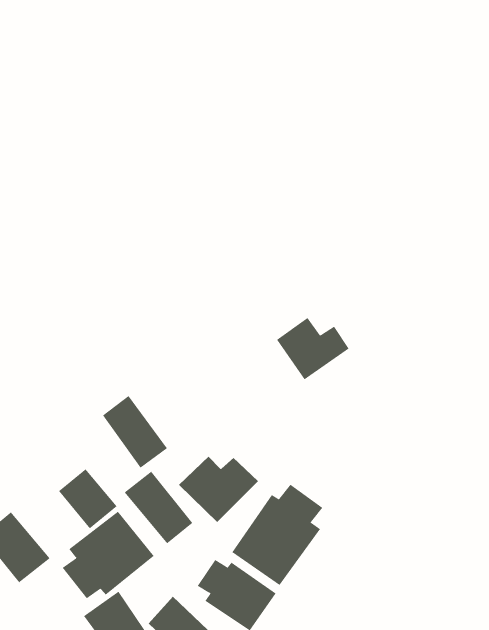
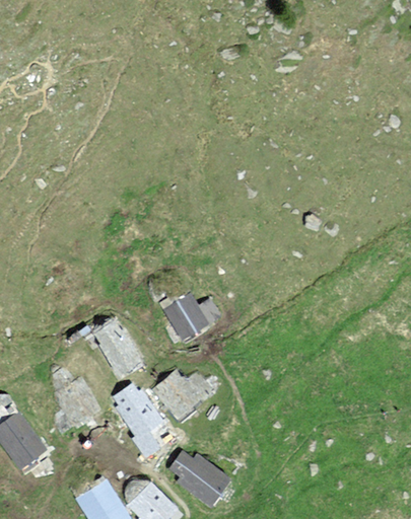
building: [276,317,350,380] -> [161,292,220,343]
building: [231,484,323,586] -> none
building: [62,511,155,599] -> none

